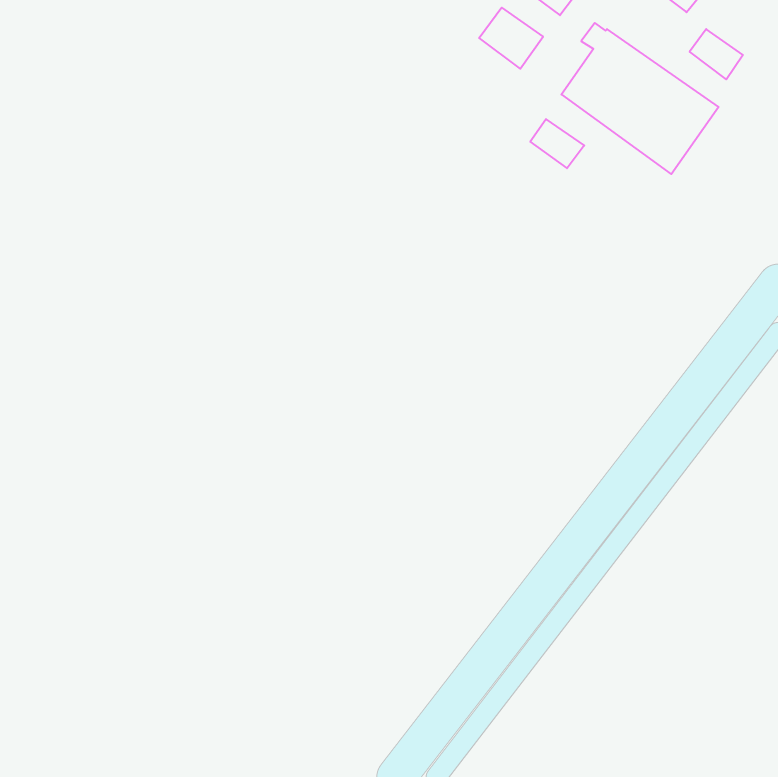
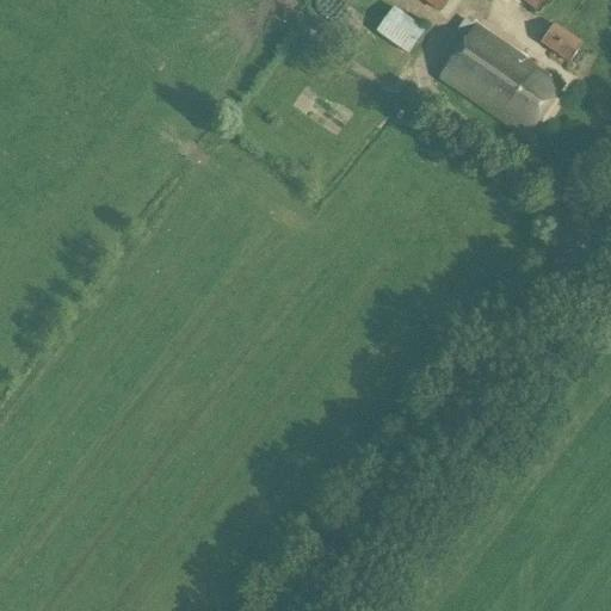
building: [530,119,584,168] -> none

